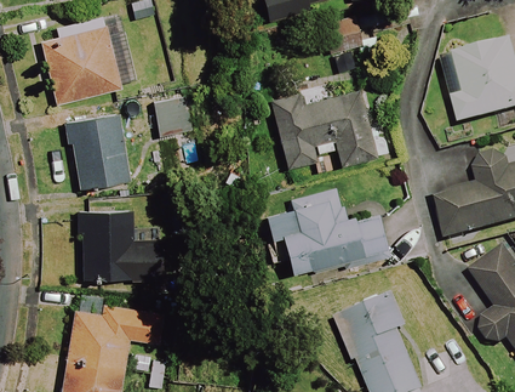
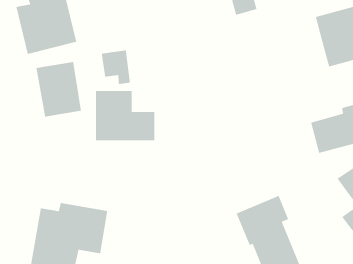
building: [270,84,378,171] -> none
building: [279,187,385,272] -> none
building: [82,211,162,279] -> [95,90,155,141]

